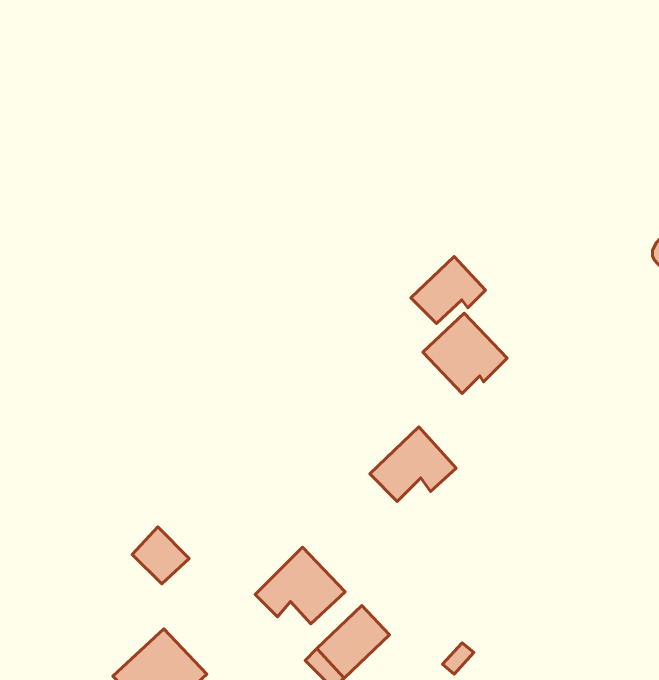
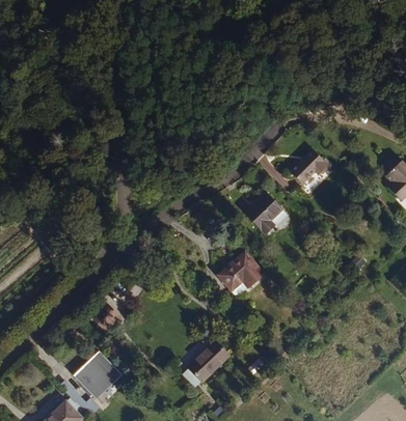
building: [411,257,486,323] -> [285,150,324,186]
building: [255,547,345,624] -> none

